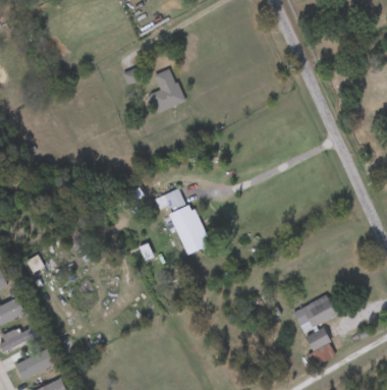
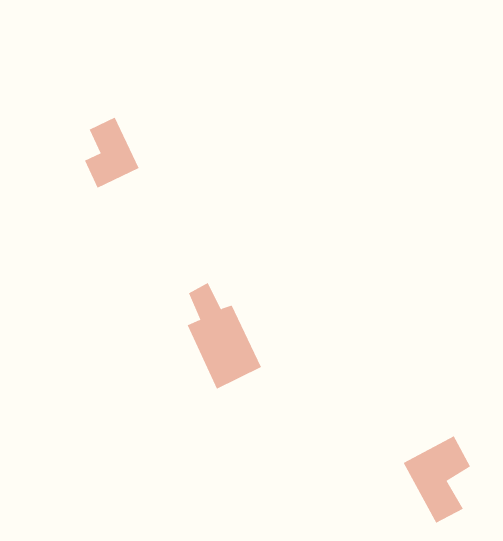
building: [150,67,184,112] -> [84,117,139,189]

